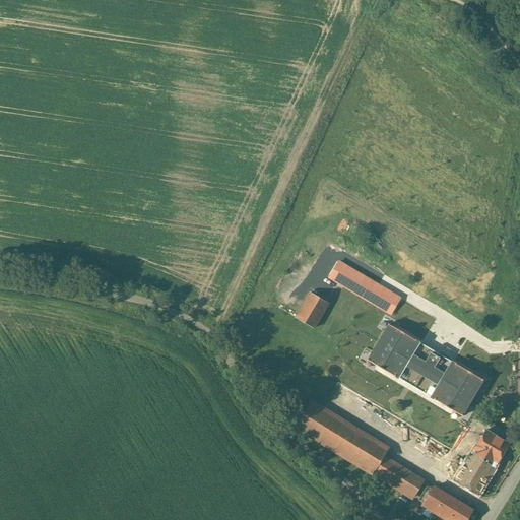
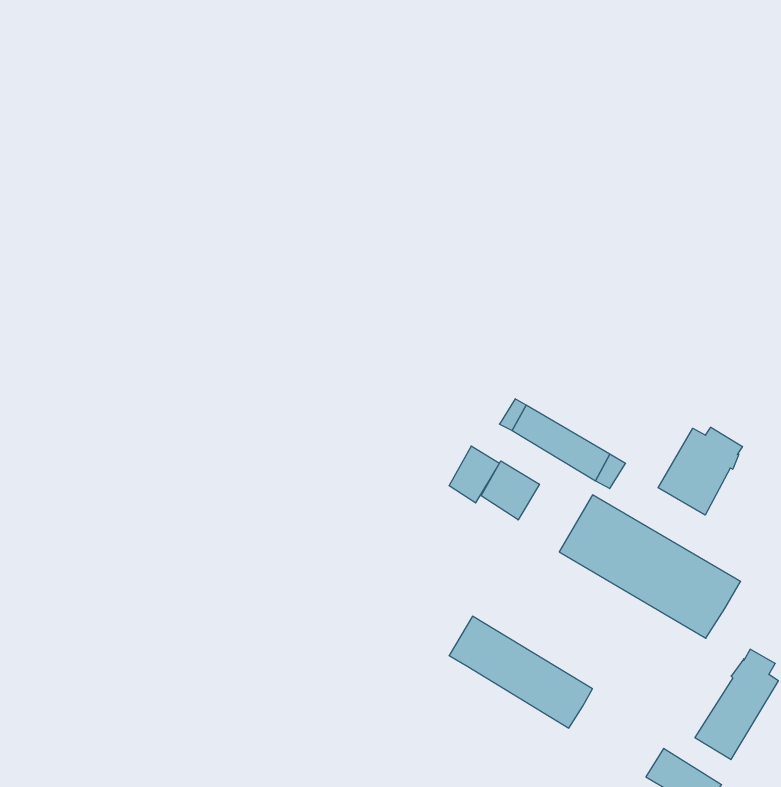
building: none -> [658,427,742,515]
building: none -> [481,461,539,520]
building: [374,459,421,498] -> none

